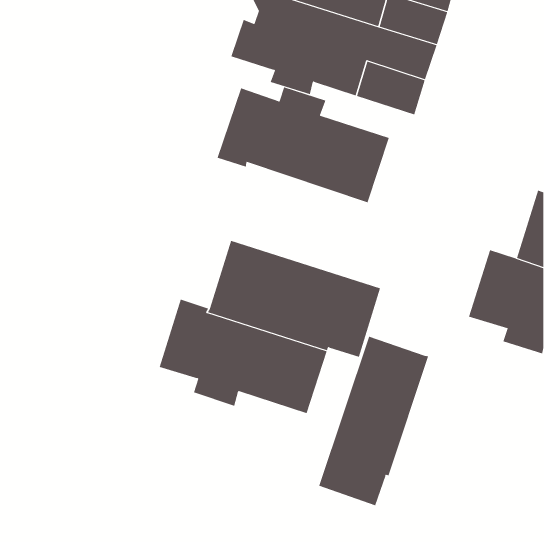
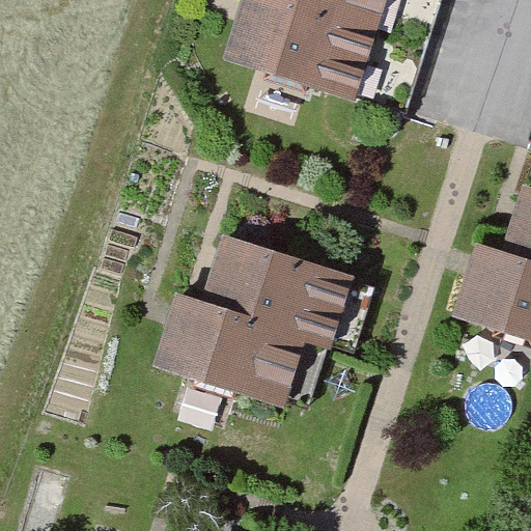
building: [217,87,389,203] -> none
building: [319,336,429,506] -> none

